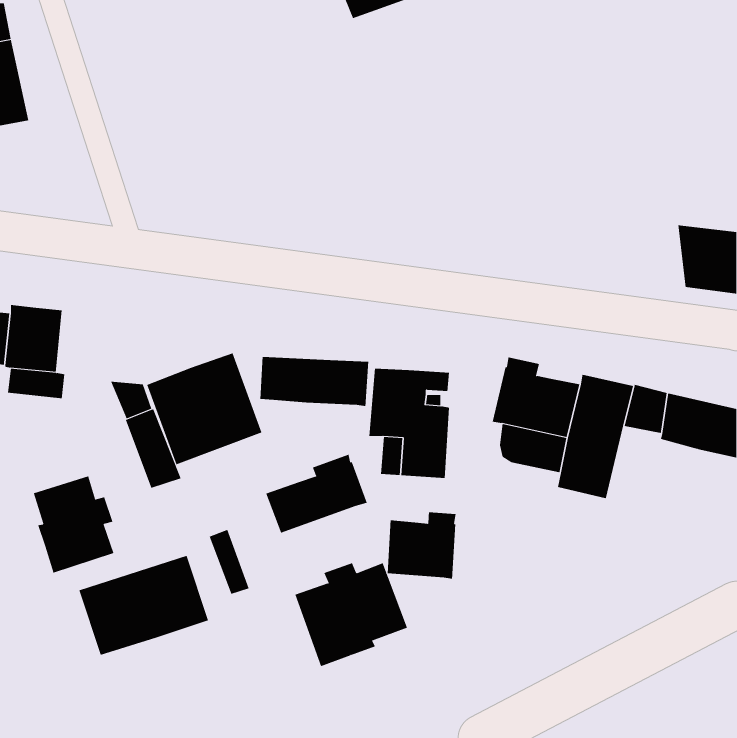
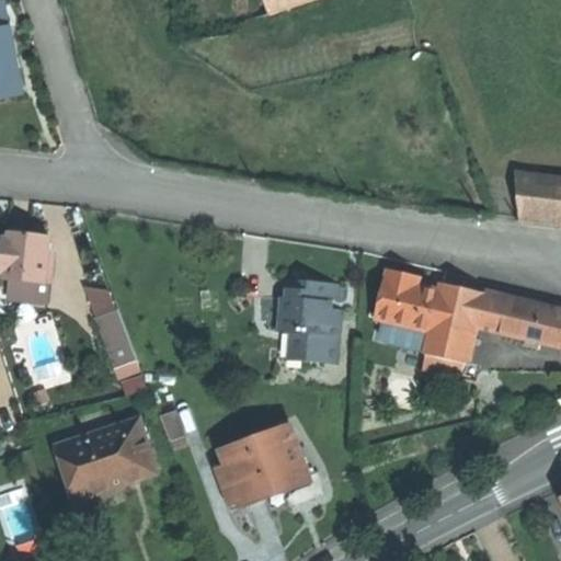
building: [147,352,262,465] -> none
building: [260,356,369,407] -> none
building: [265,454,368,534] -> none
building: [33,475,114,574] -> none
building: [387,511,456,580] -> none

